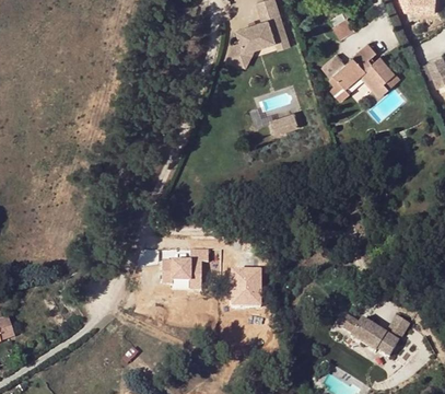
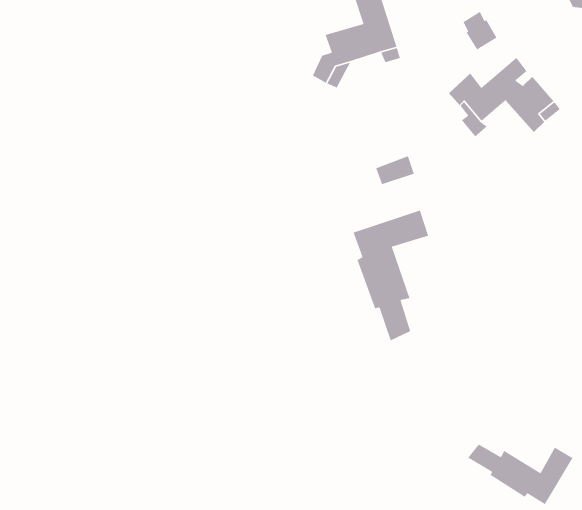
building: none -> [352,210,429,342]
building: [162,250,209,289] -> none
building: [232,270,261,305] -> none

